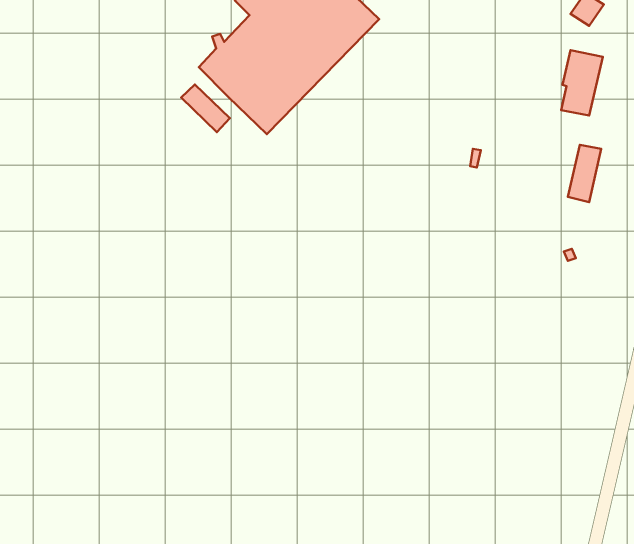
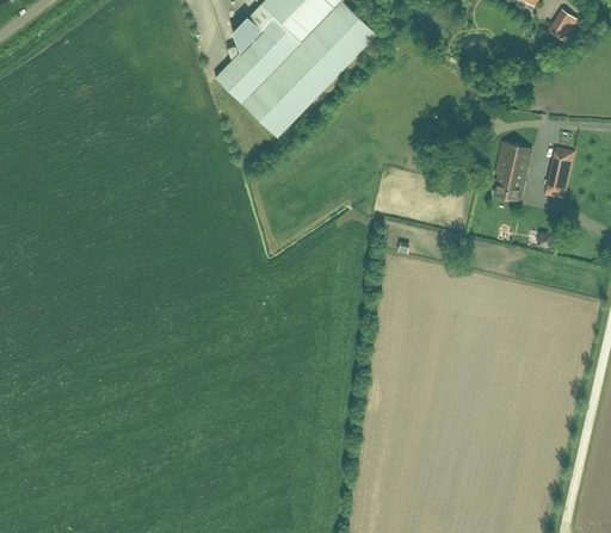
building: [561,50,603,115] -> [494,141,531,199]
building: [181,85,230,132] -> none

